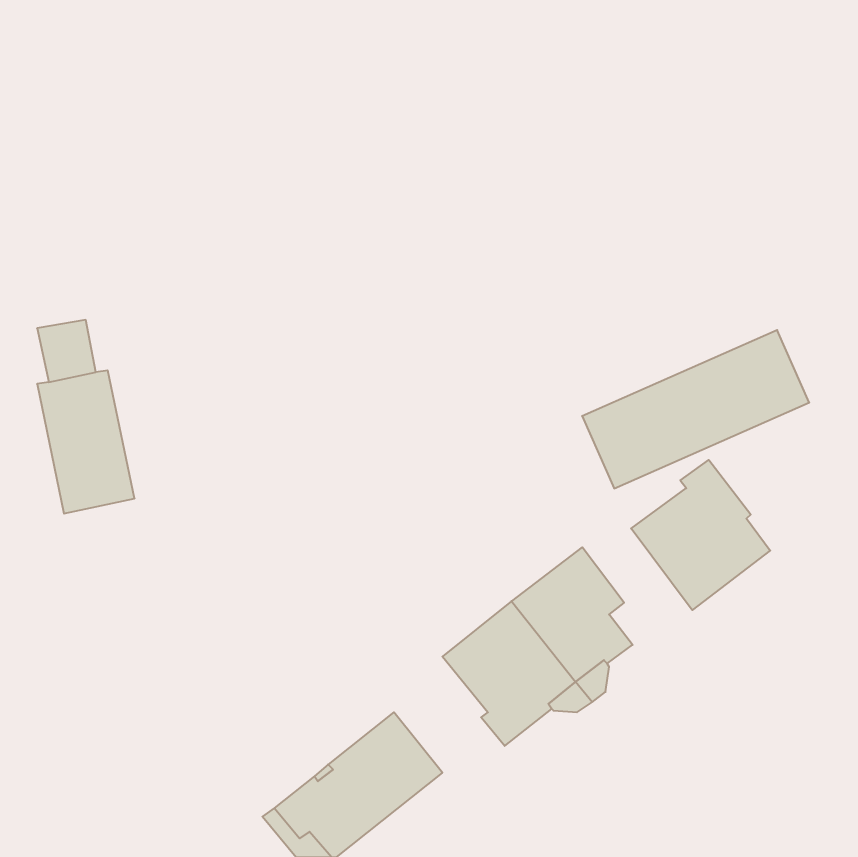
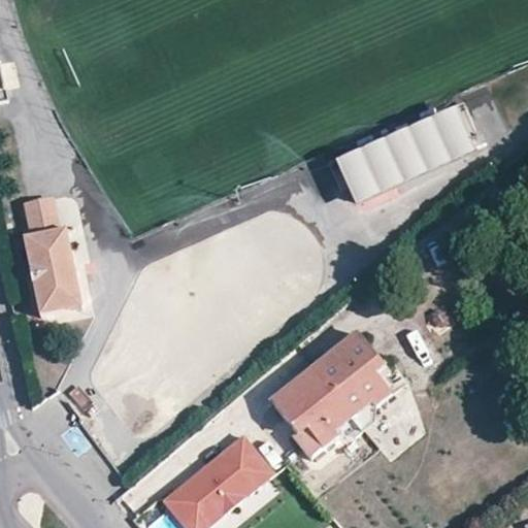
building: [582,330,809,488] -> [337,102,476,199]
building: [631,460,770,610] -> none

